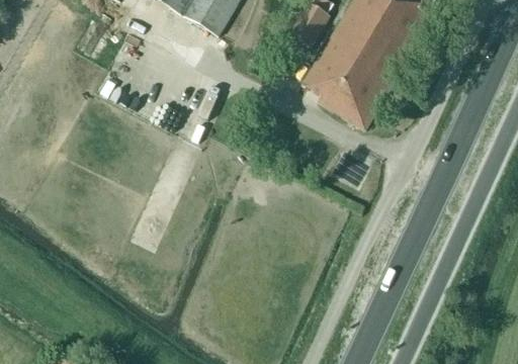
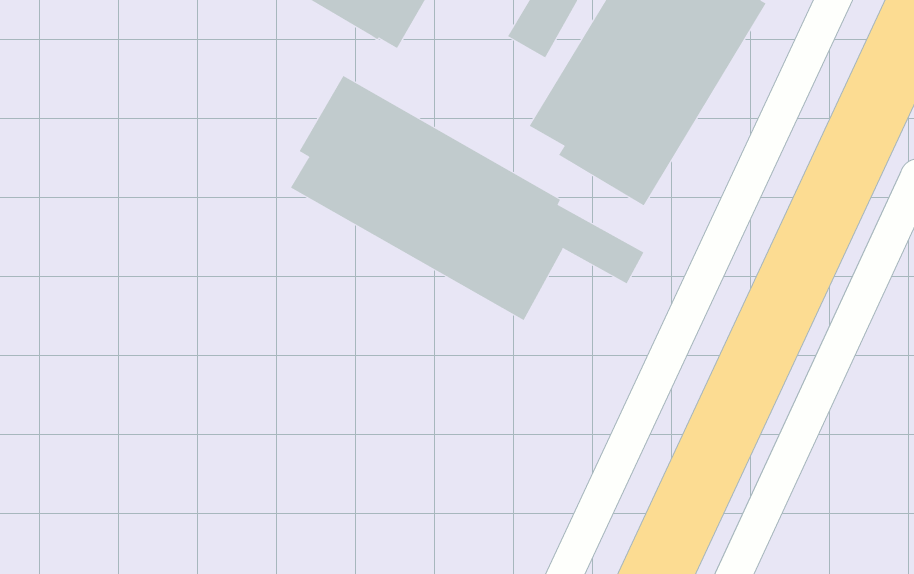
building: none -> [290,75,644,321]

